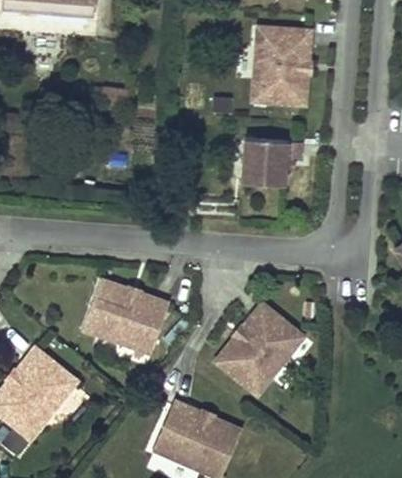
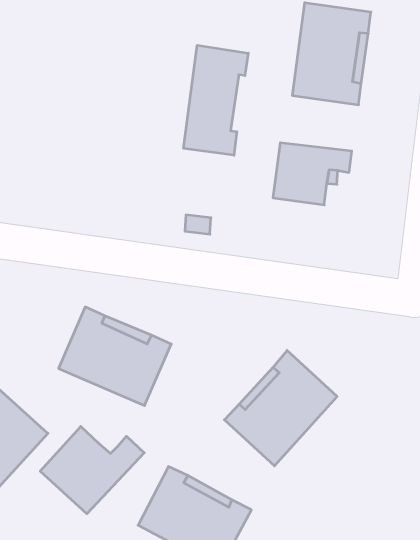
building: none -> [184,45,248,155]
building: none -> [40,426,144,514]

